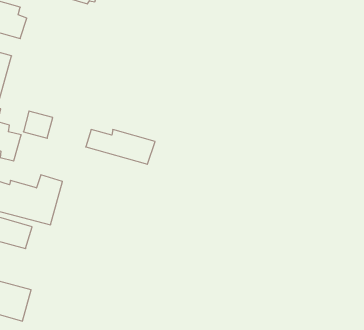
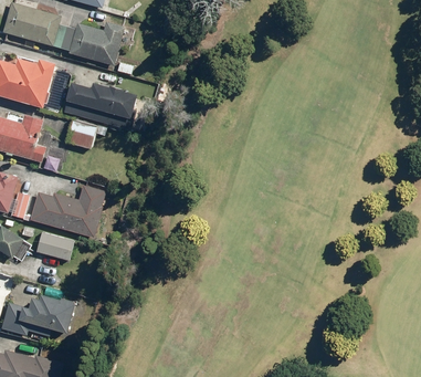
building: none -> [62,20,126,65]
building: [86,130,155,164] -> [64,85,135,121]

